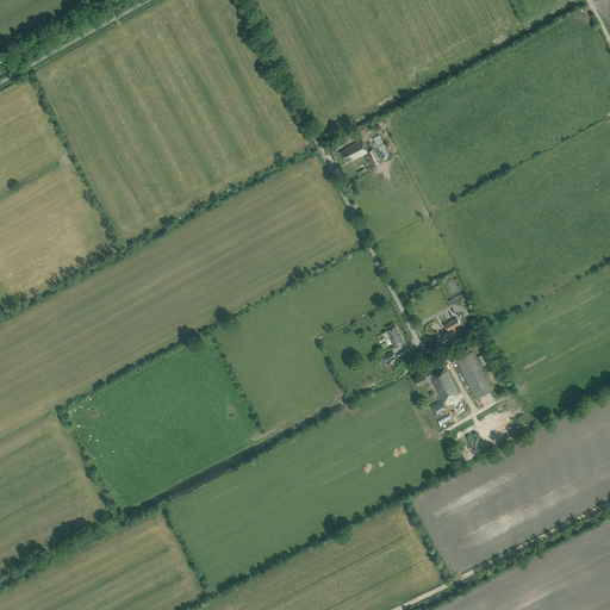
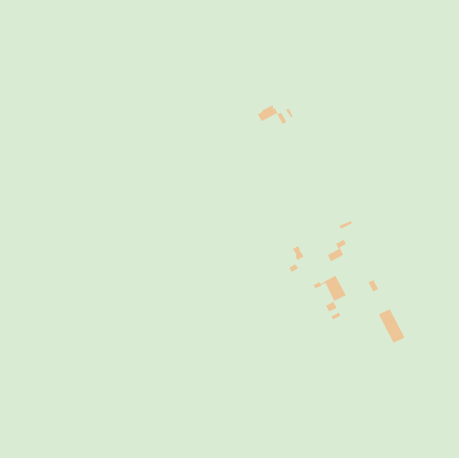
building: [455,350,492,398] -> [378,308,406,344]

